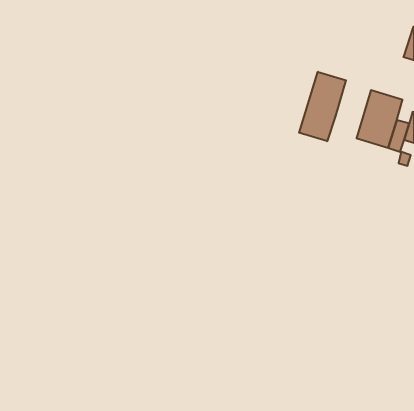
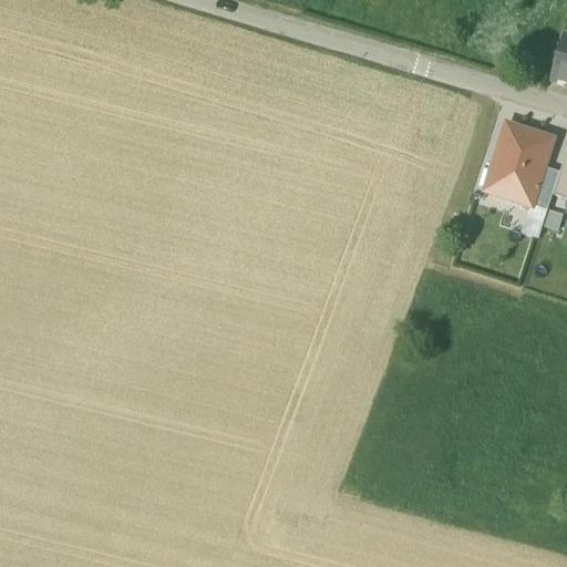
building: [299,72,346,141] -> none

